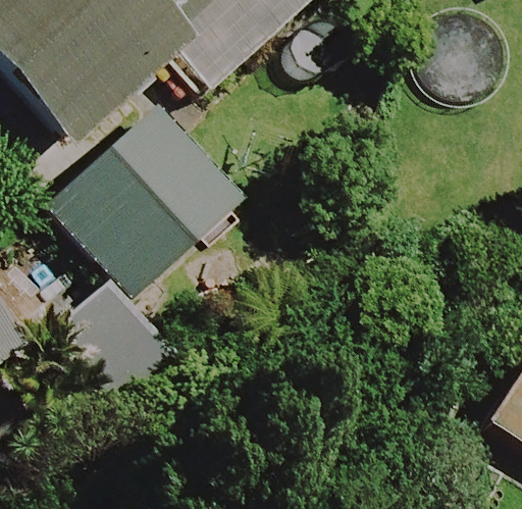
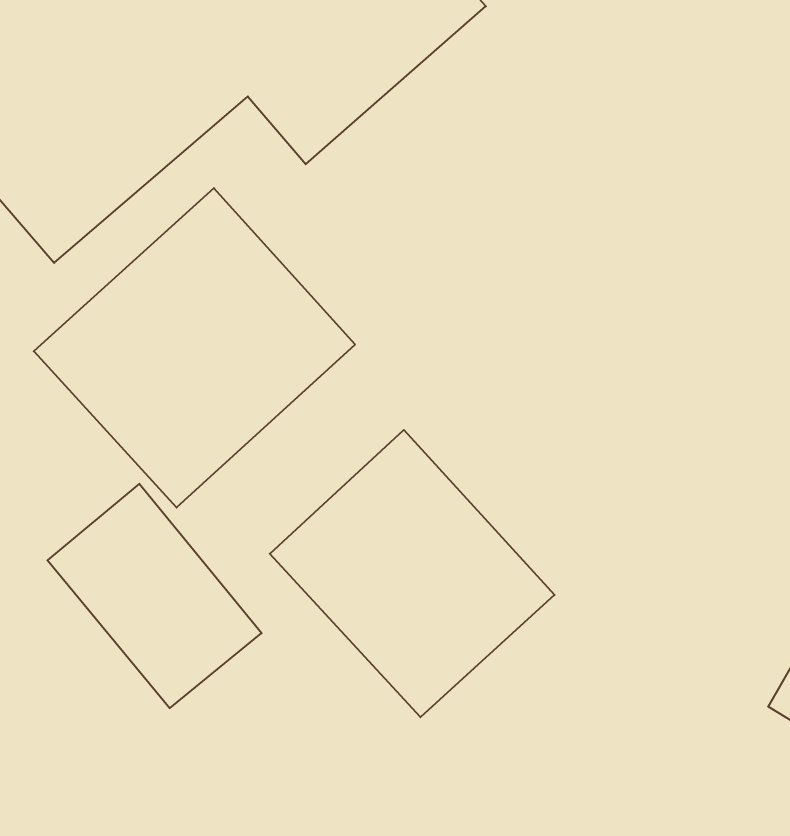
building: none -> [270,430,555,717]

